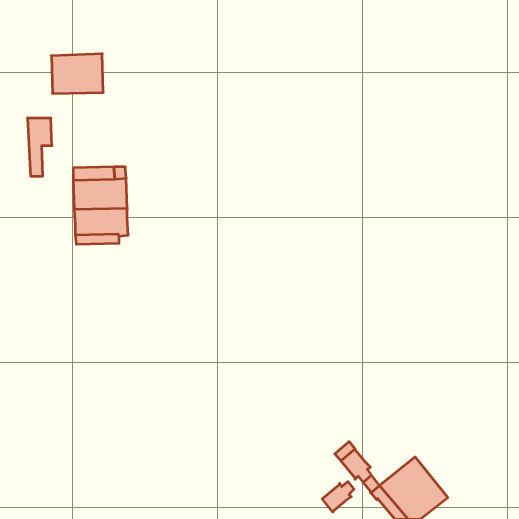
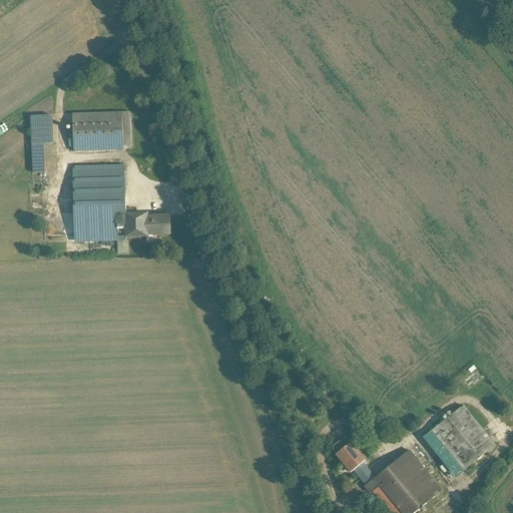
building: [51,54,103,93] -> [71,111,122,150]
building: none -> [125,213,169,236]
building: none -> [431,405,494,470]
building: [322,482,354,512] -> none

